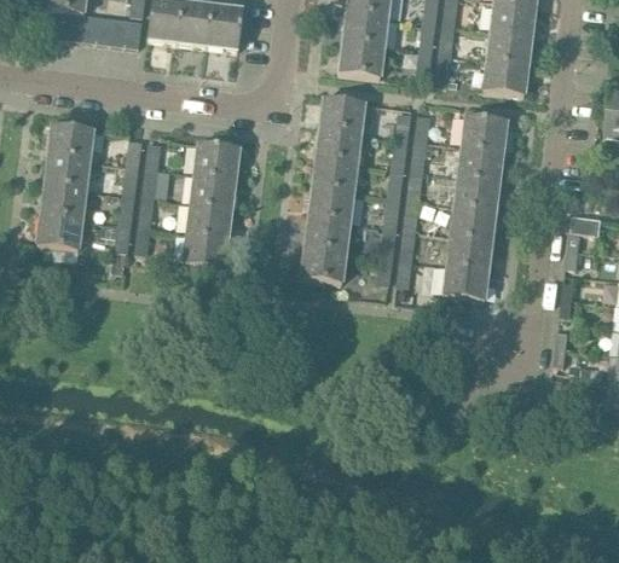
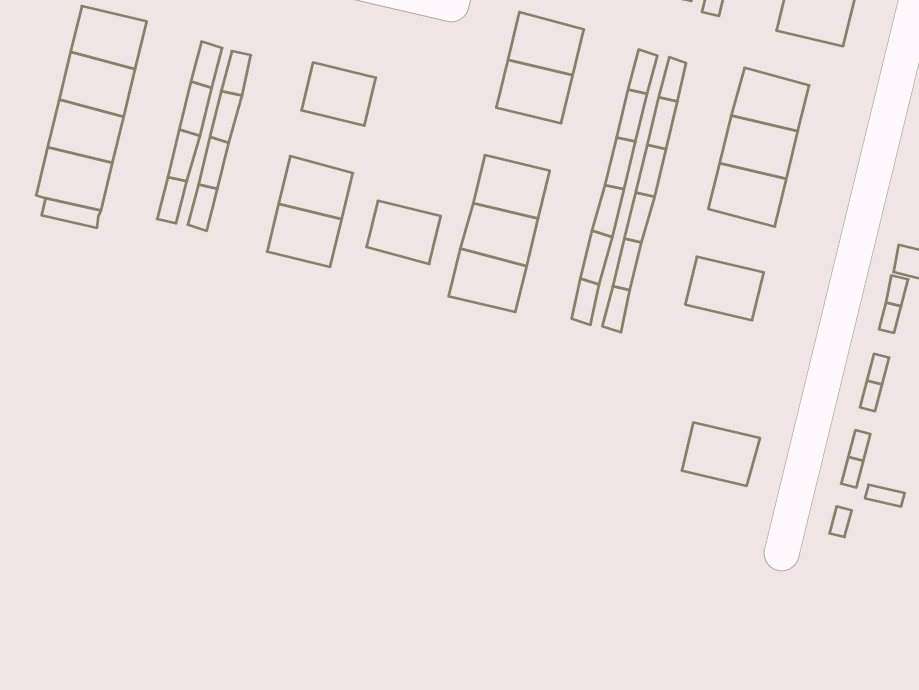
building: [312,156,357,191] -> none
building: [192,172,236,207] -> [366,201,441,264]
building: [450,203,496,238] -> none
building: [442,263,488,298] -> [682,423,760,486]

